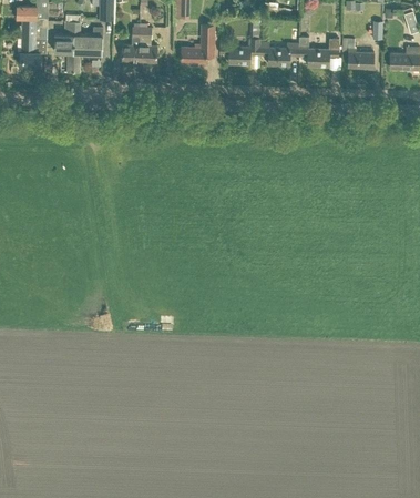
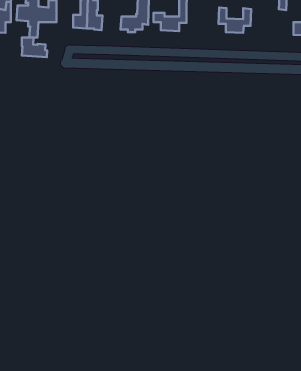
building: [259,35,299,65] -> none
building: [341,43,373,69] -> none
building: none -> [22,37,47,57]

